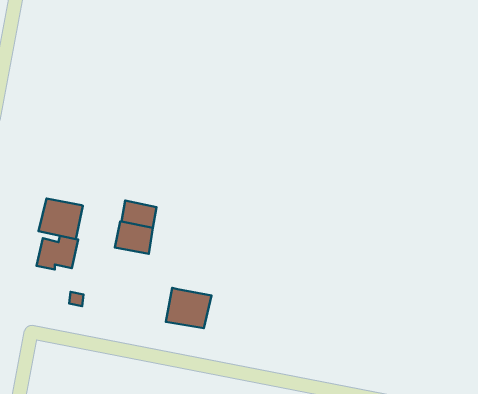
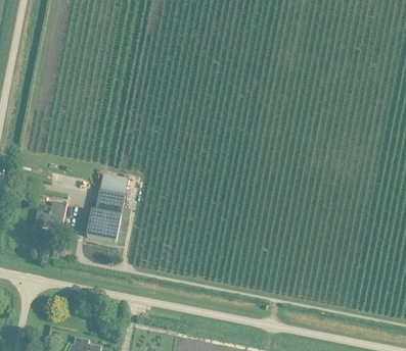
building: [38,198,83,239] -> none
building: [166,288,212,328] -> [85,208,121,240]

